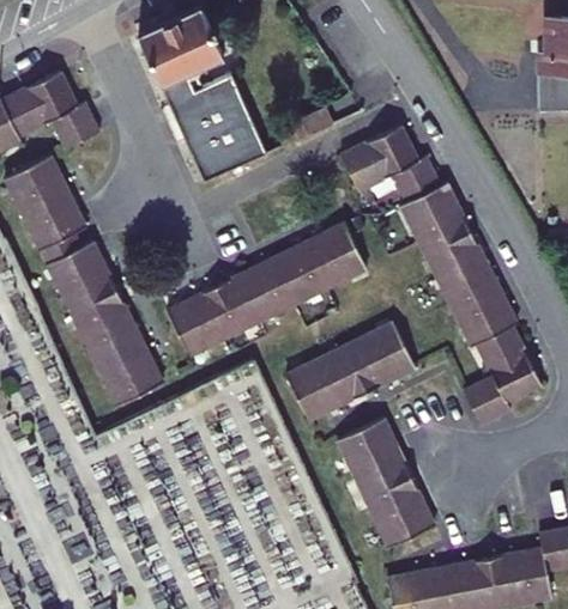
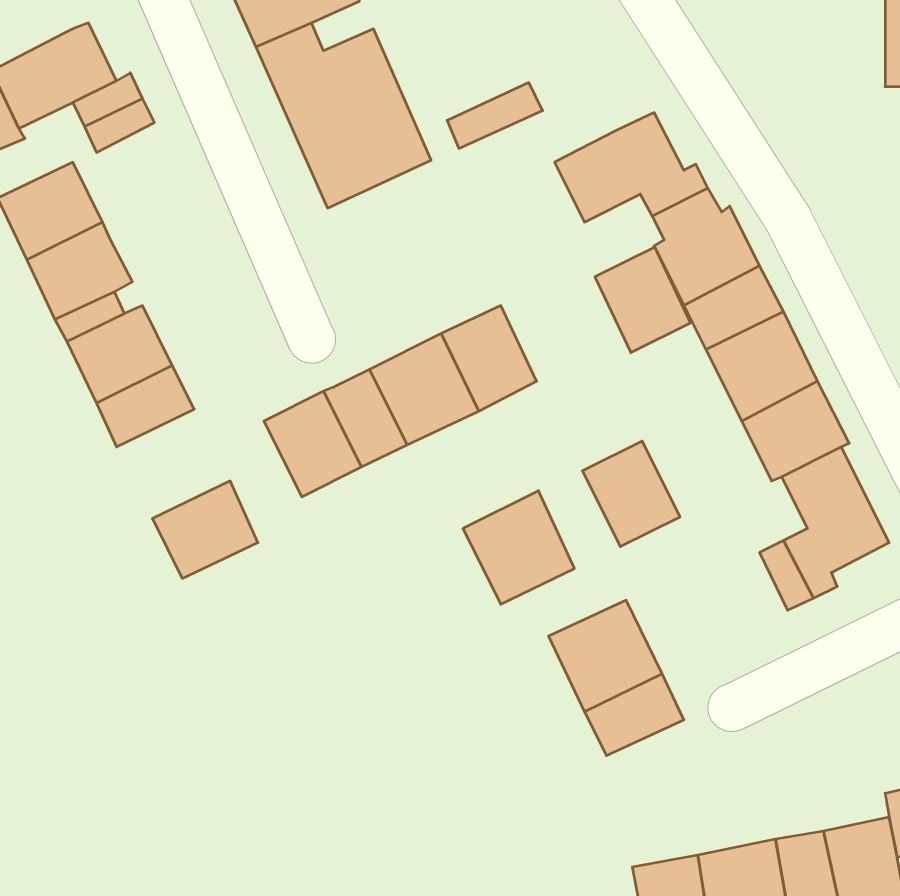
building: [308,223,365,286] -> [595,247,691,353]
building: [77,303,145,369] -> none
building: [331,340,380,398] -> none
building: [371,489,435,547] -> none

